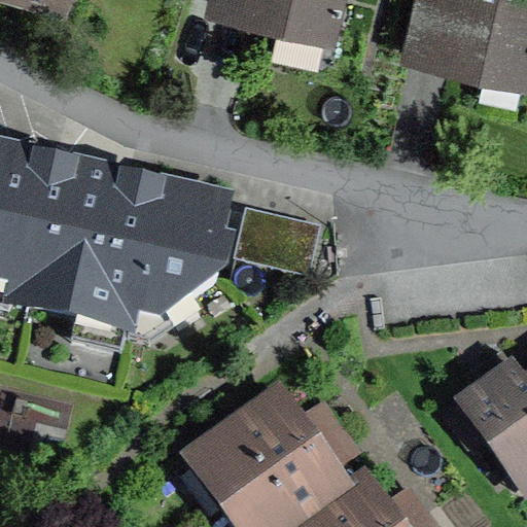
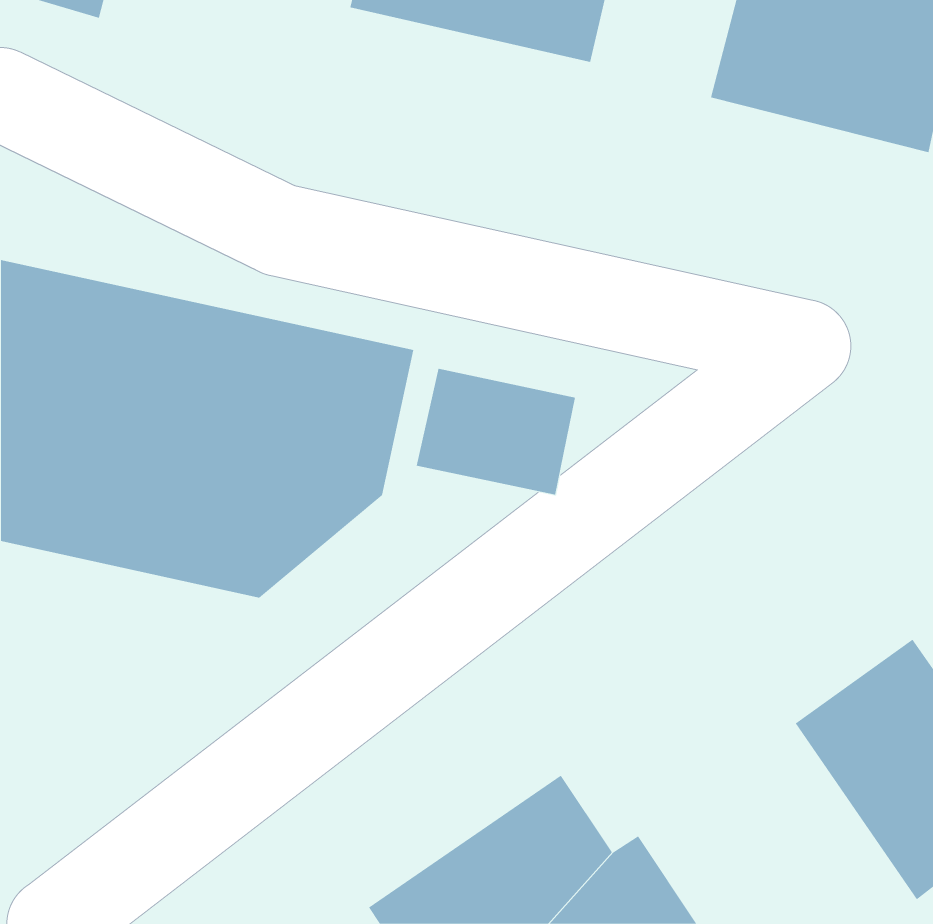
building: [174,381,318,507] -> none

